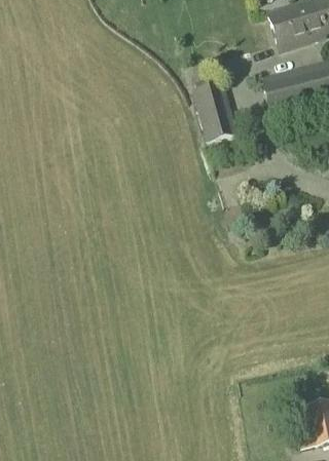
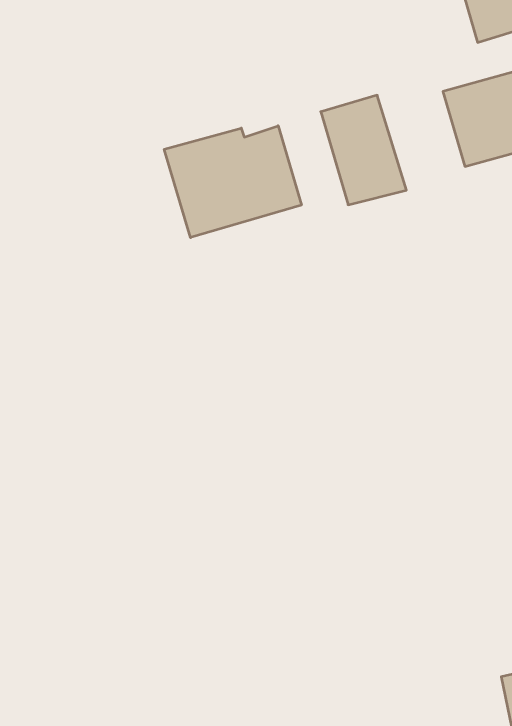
building: none -> [164,126,301,238]

